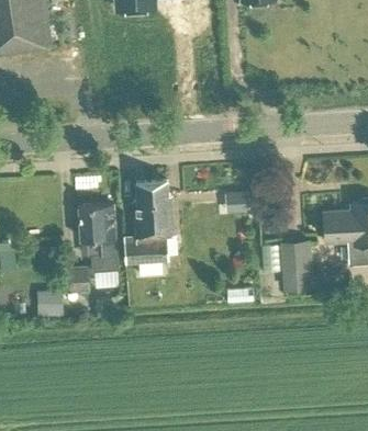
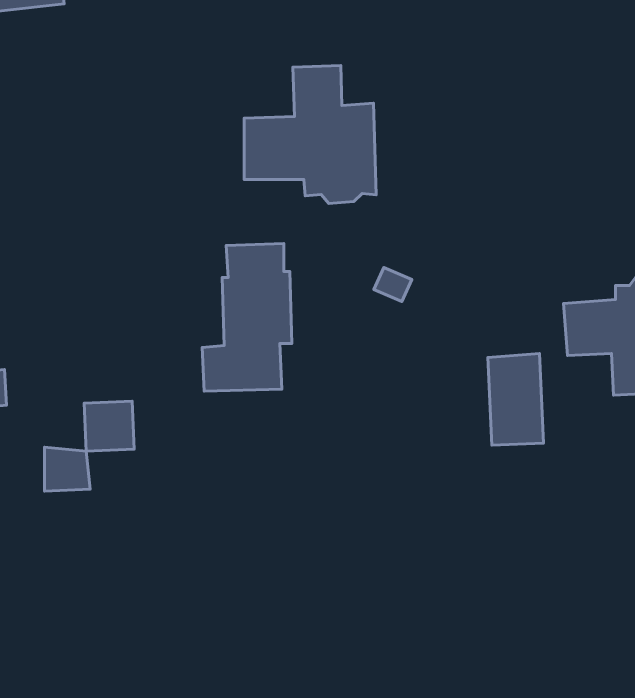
building: none -> [244,66,376,203]
building: [80,205,118,271] -> none

